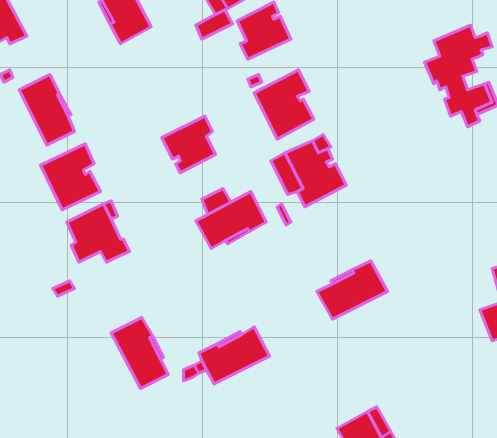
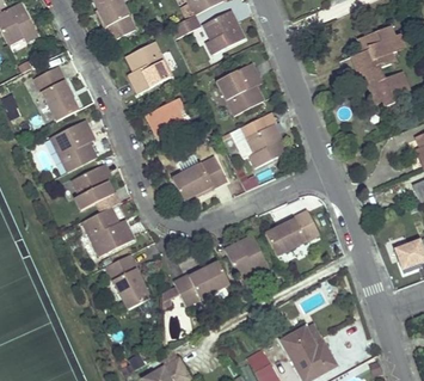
building: none -> [127,42,172,94]
building: none -> [82,207,136,257]
building: none -> [225,235,270,276]

